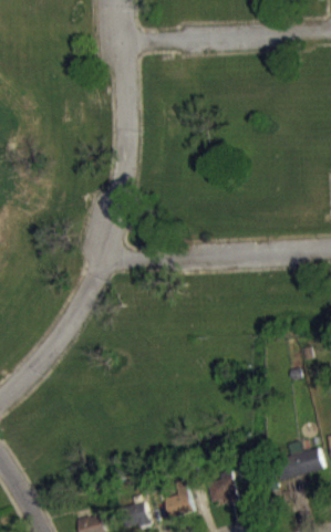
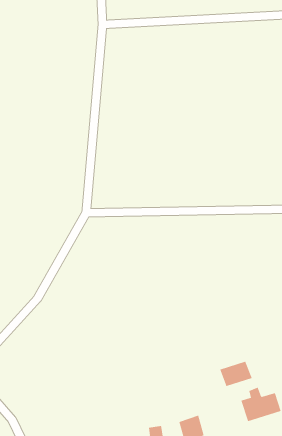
building: none -> [219,361,252,387]

